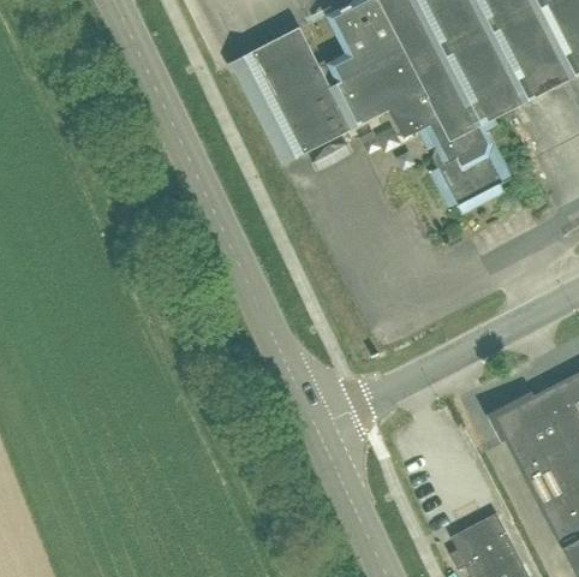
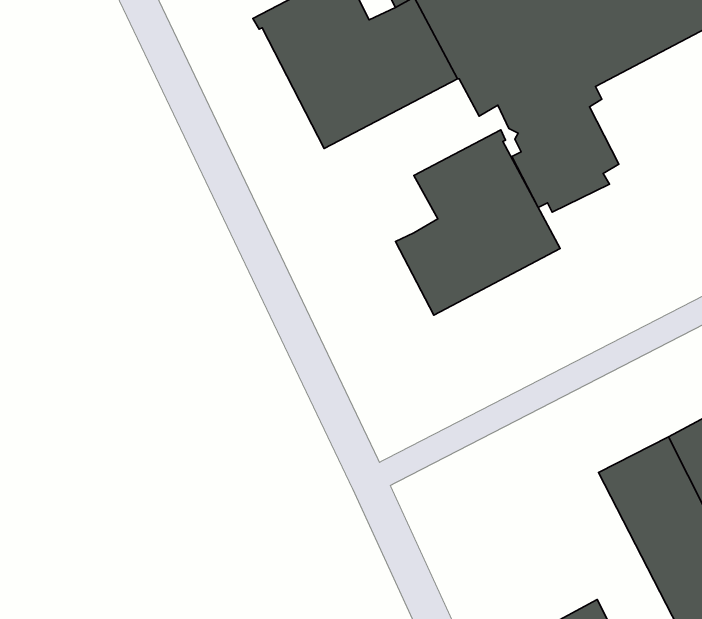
building: none -> [395,130,560,315]

